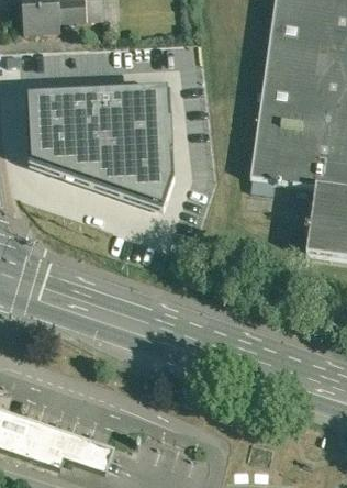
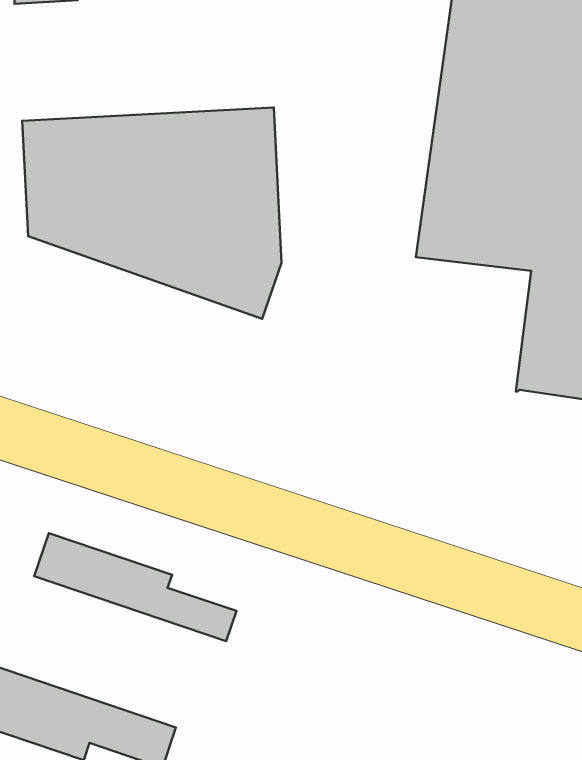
building: none -> [34,533,236,641]

